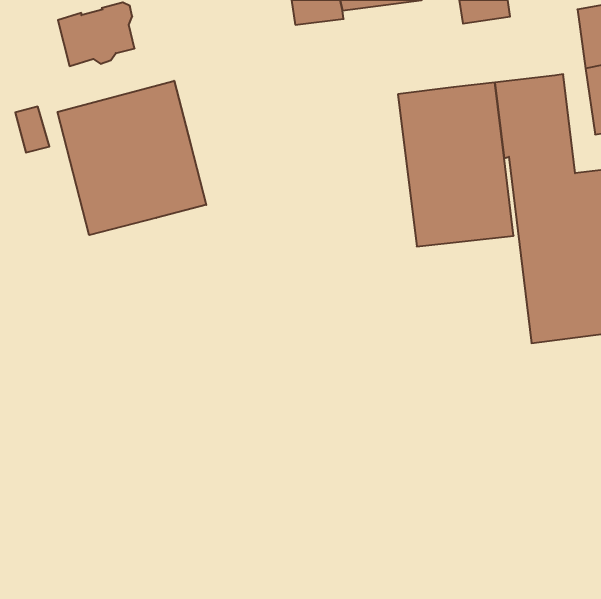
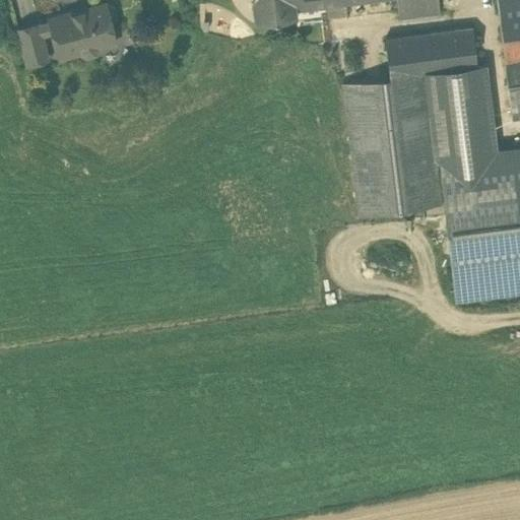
building: none -> [388,29,479,78]
building: [58,81,206,235] -> none
building: [15,107,49,153] -> [20,25,50,65]

